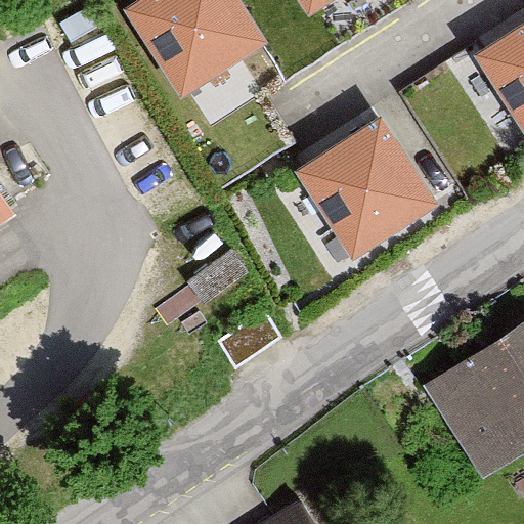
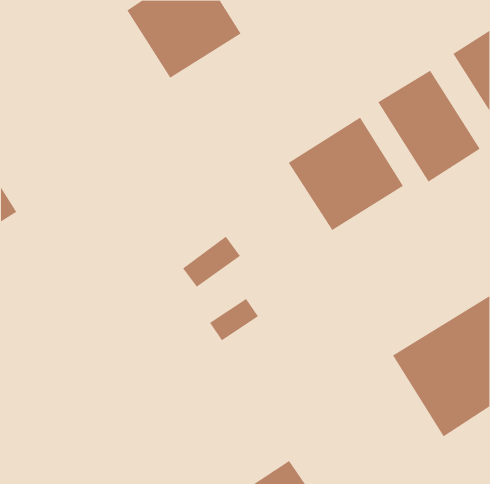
building: none -> [377,70,480,183]

